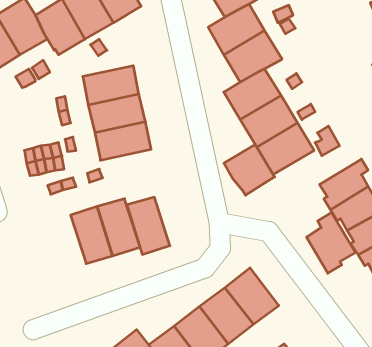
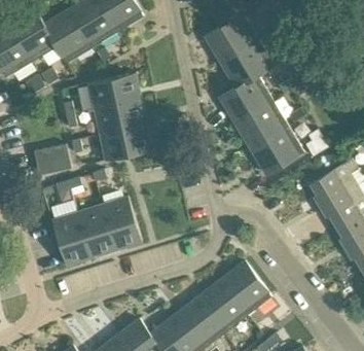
building: [224,145,275,195] -> none
building: [127,197,170,254] -> [50,212,90,266]
building: [307,213,356,273] -> none

